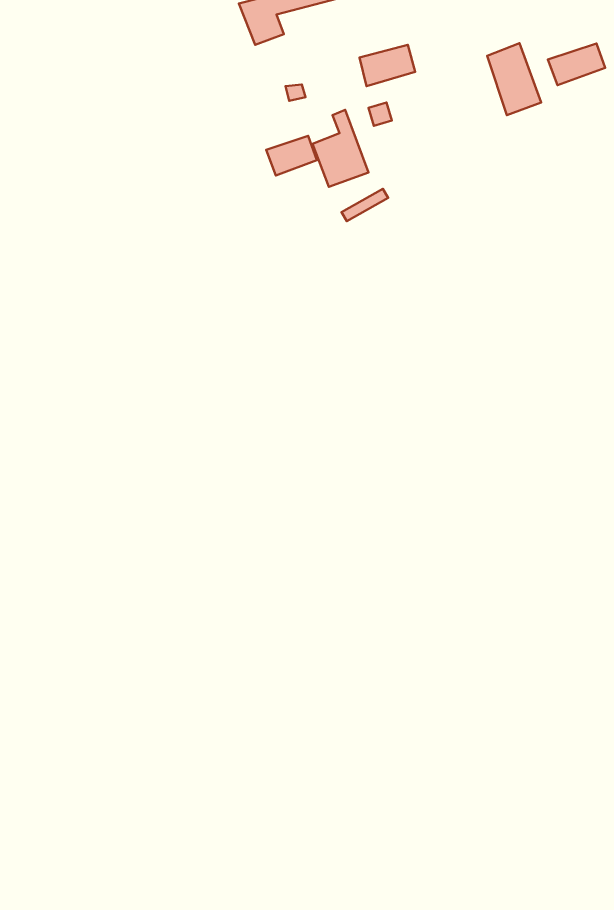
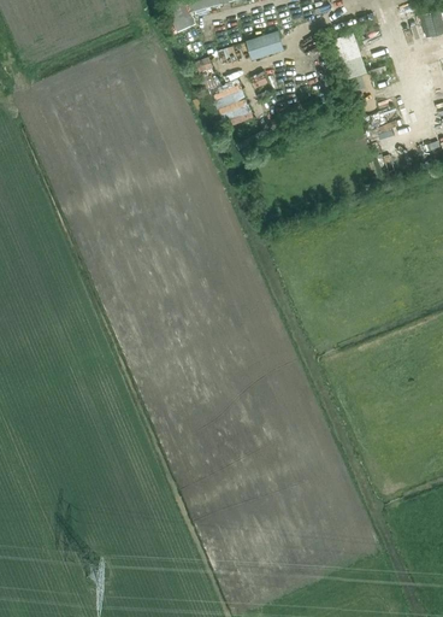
building: [548,43,605,85] -> none
building: [266,136,317,175] -> none

